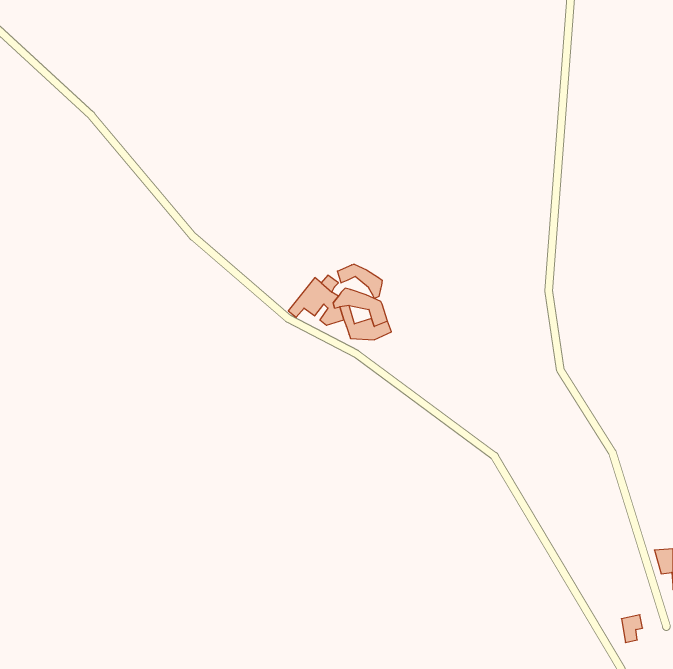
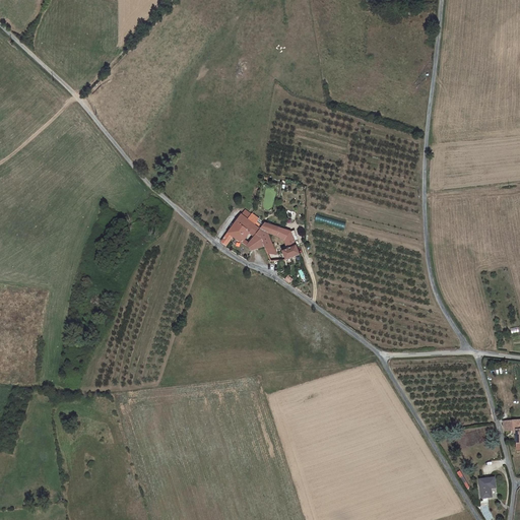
building: [337,264,382,299] -> none

